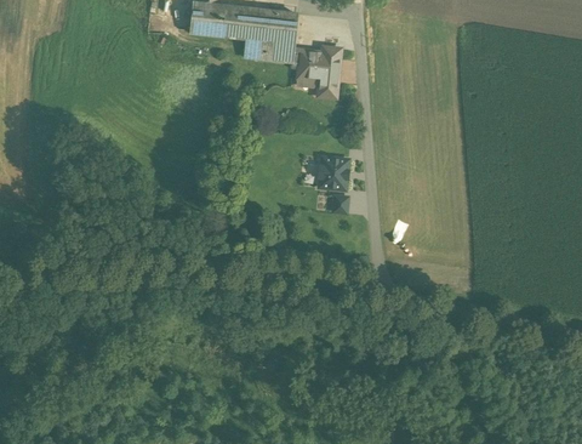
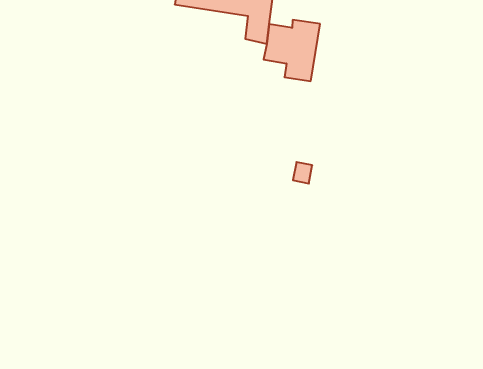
building: [315,150,350,189] -> none

